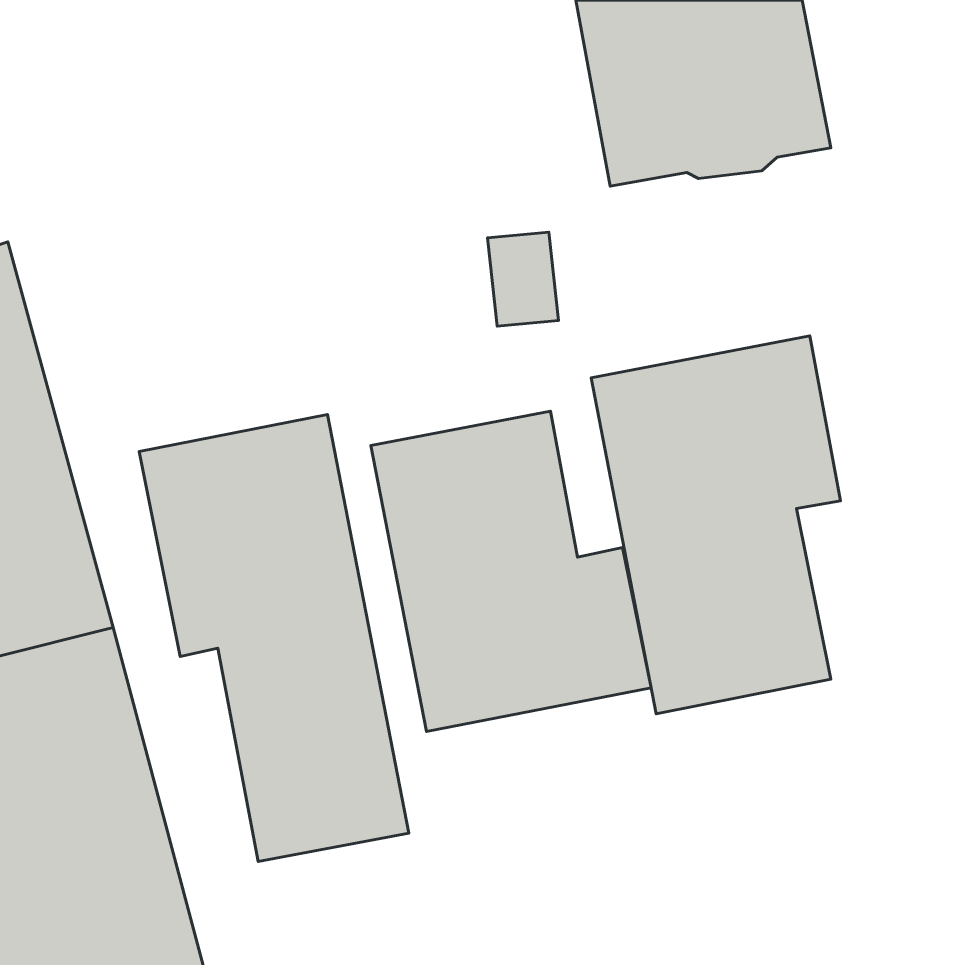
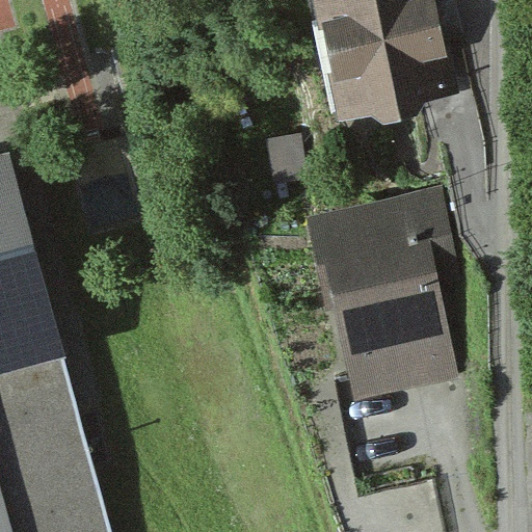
building: [371,411,651,732] -> none
building: [139,414,409,861] -> none

